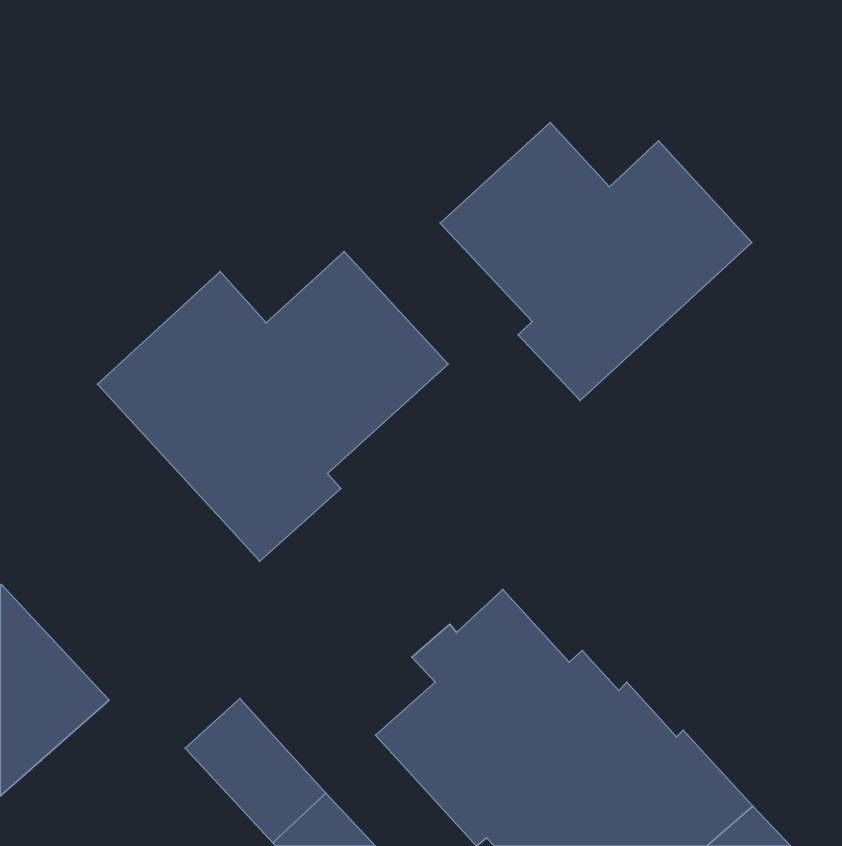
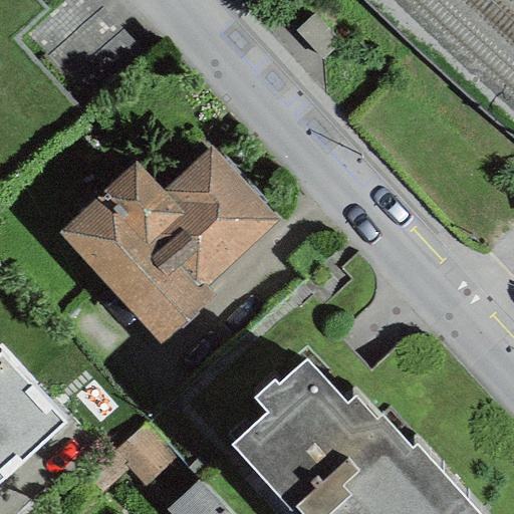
building: [440,123,752,401] -> none

